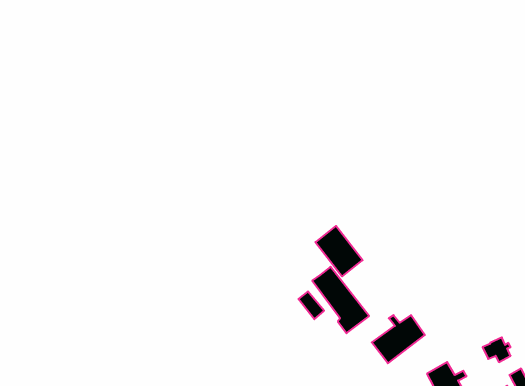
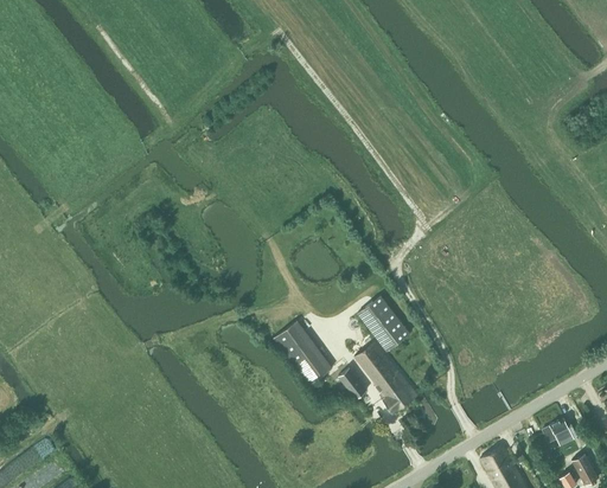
building: none -> [274,325,328,386]
building: [372,315,425,363] -> none

